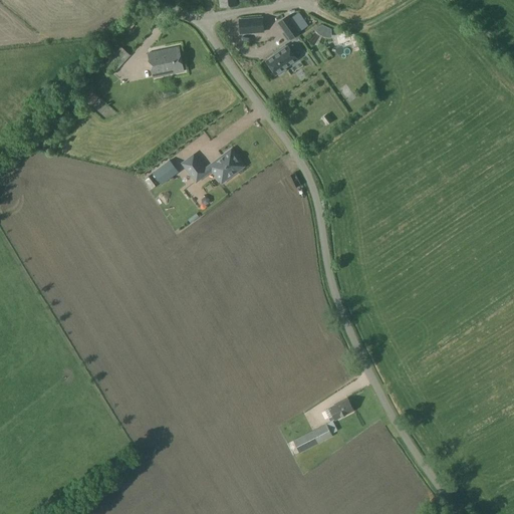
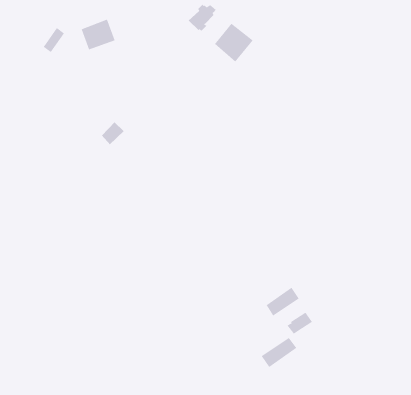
building: none -> [214,23,253,62]
building: [182,150,242,182] -> none
building: none -> [266,287,300,316]

